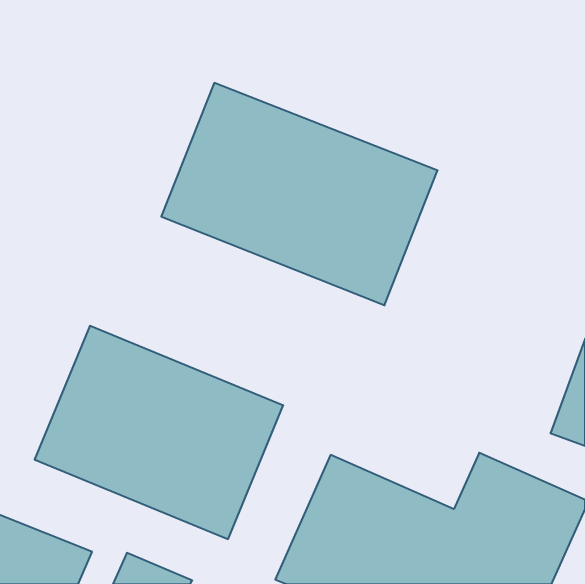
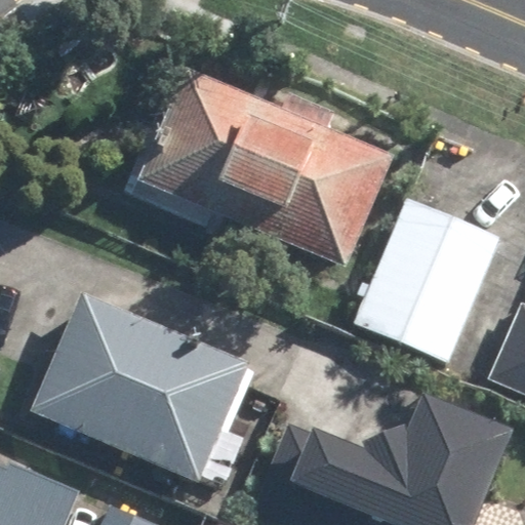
building: none -> [352,197,507,367]

